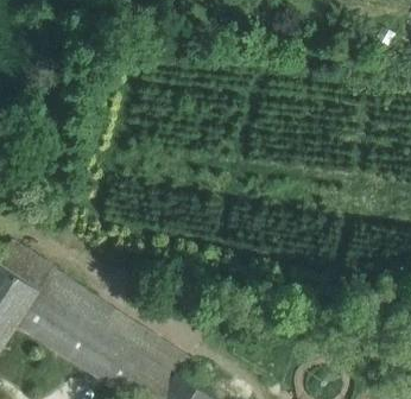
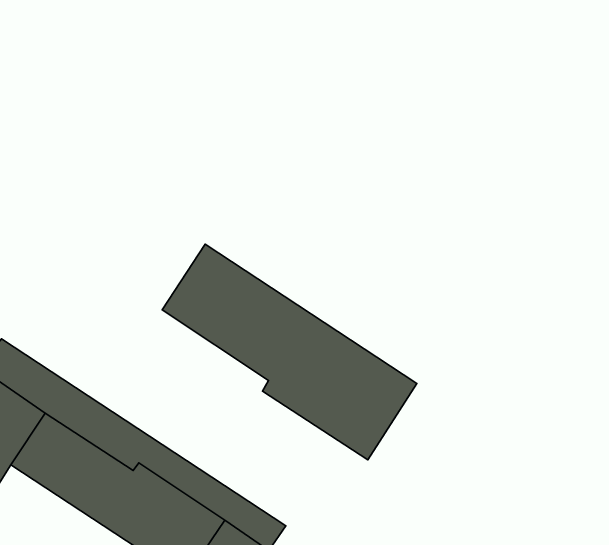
building: none -> [162,244,417,460]

